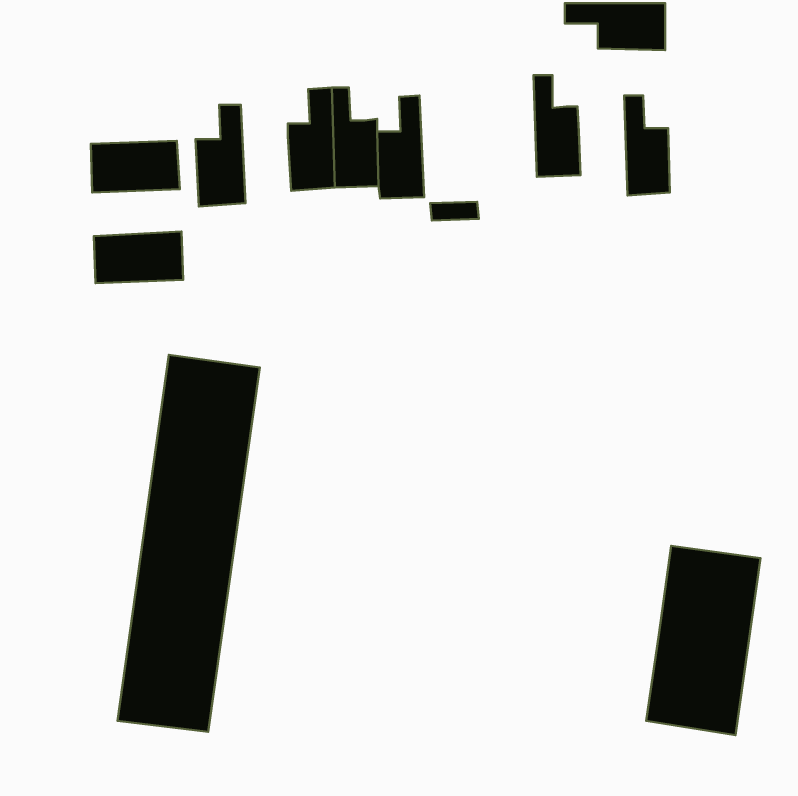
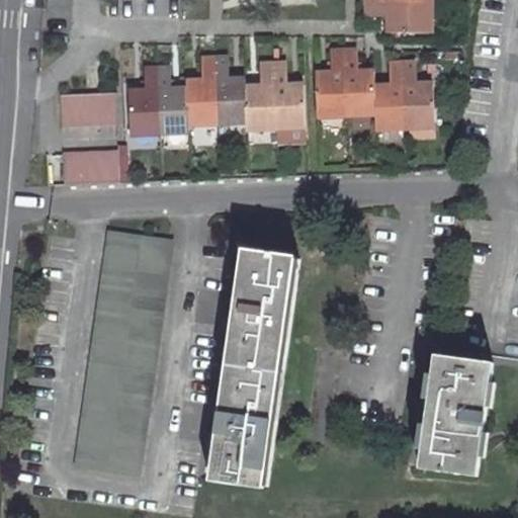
building: none -> [314,49,347,116]
building: none -> [271,62,304,127]
building: none -> [374,62,406,127]
building: none -> [156,68,188,132]
building: none -> [208,248,294,487]

